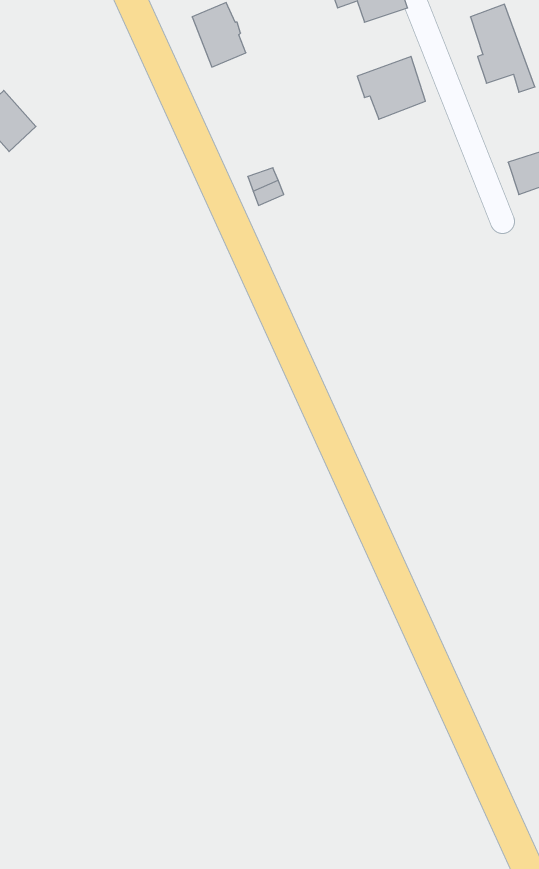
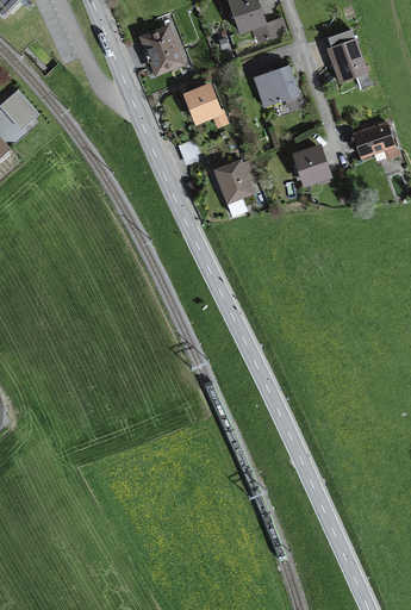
building: none -> [187,87,218,120]
building: none -> [295,148,328,182]
building: none -> [216,161,255,216]

